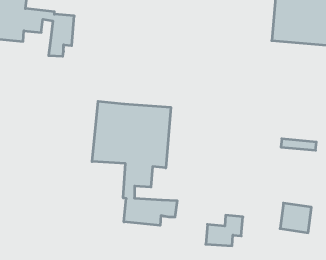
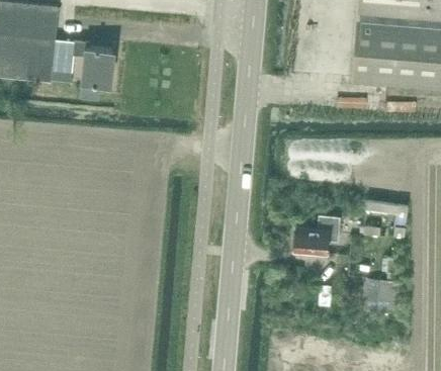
building: [92,101,177,225] -> none
building: [206,215,243,246] -> [295,217,341,255]

